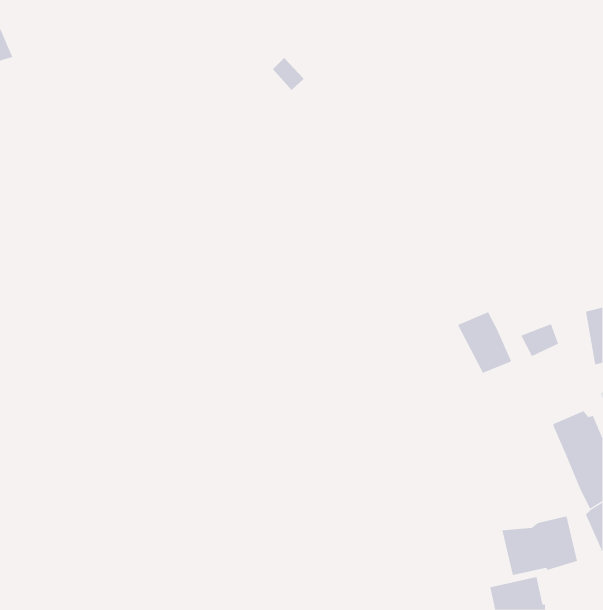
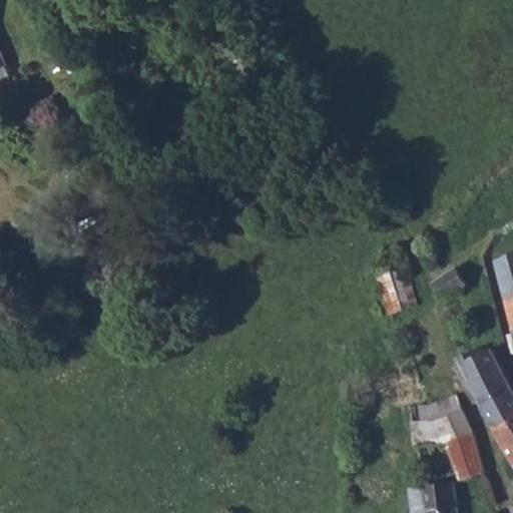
building: none -> [412,392,476,445]

